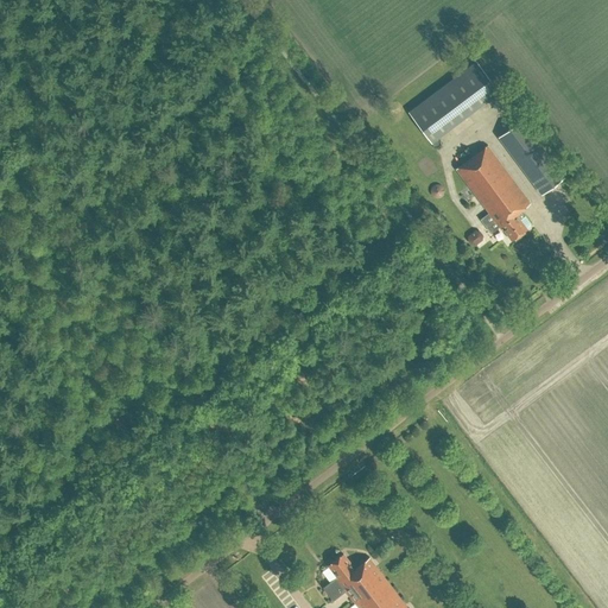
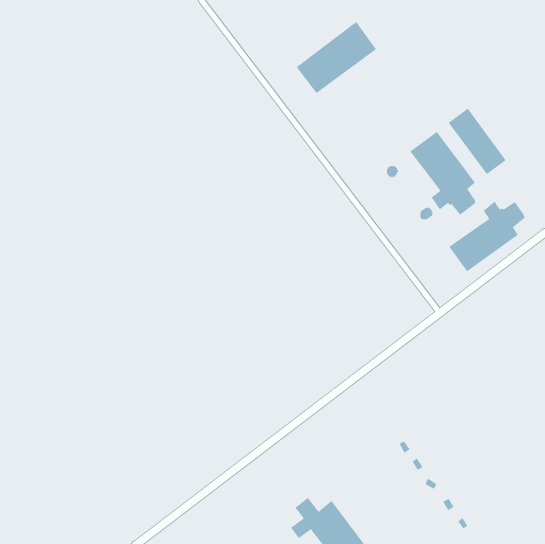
building: [408,63,499,144] -> [296,21,377,94]
building: none -> [448,201,525,272]

